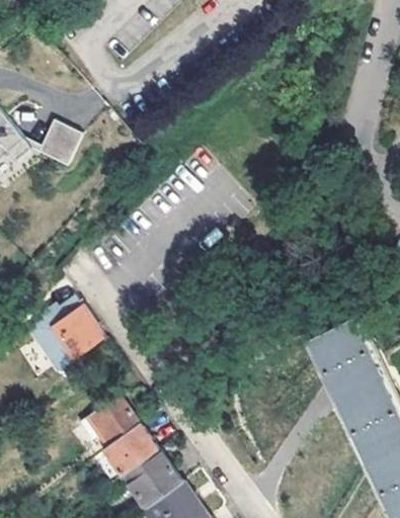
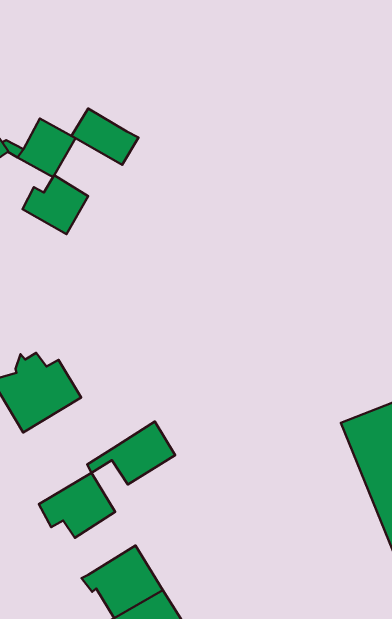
building: none -> [72,109,139,165]
building: none -> [22,175,88,234]
building: [88,425,157,477] -> [87,421,175,485]

